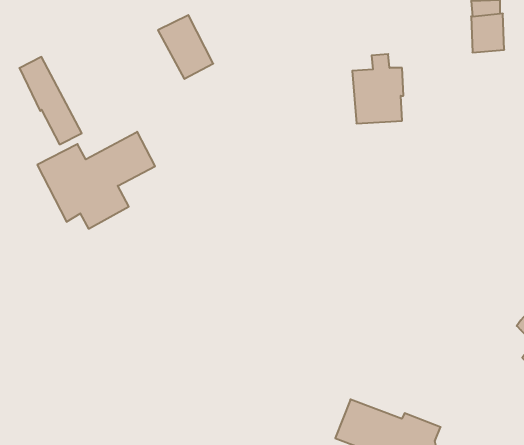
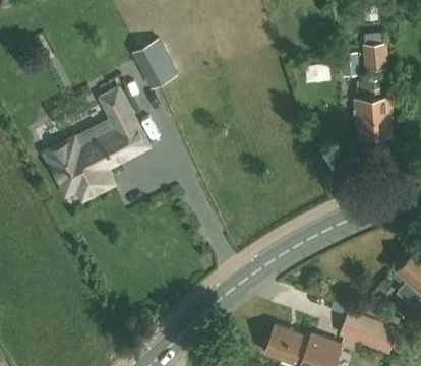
building: [352,54,403,123] -> [354,86,392,137]
building: [19,57,82,144] -> [102,89,147,154]
building: none -> [342,312,394,348]

